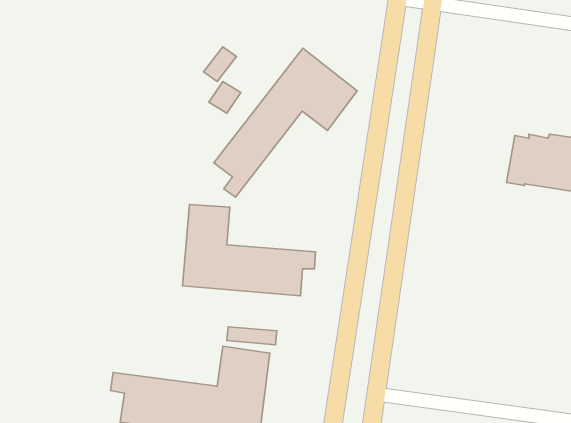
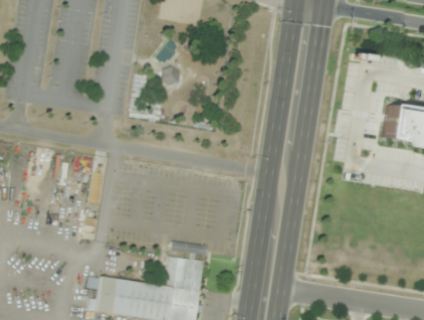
building: [214,48,357,197] -> none
building: [182,205,316,296] -> none

